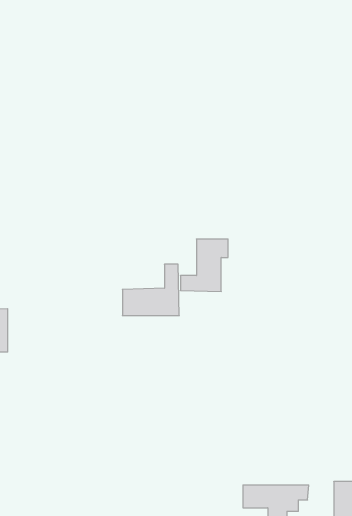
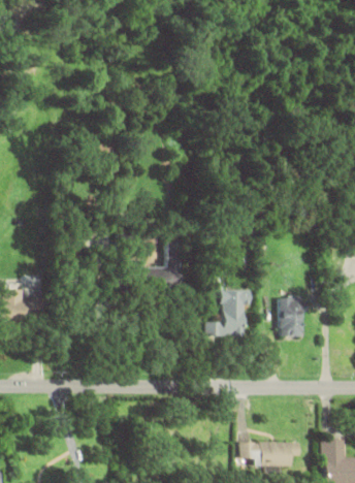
building: [180,239,228,291] -> [207,289,251,336]
building: none -> [281,297,304,335]

